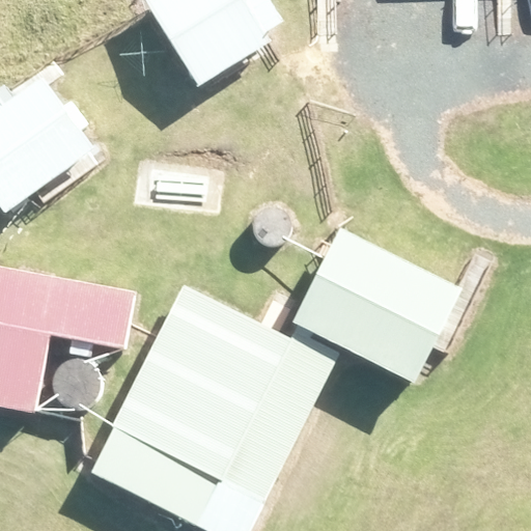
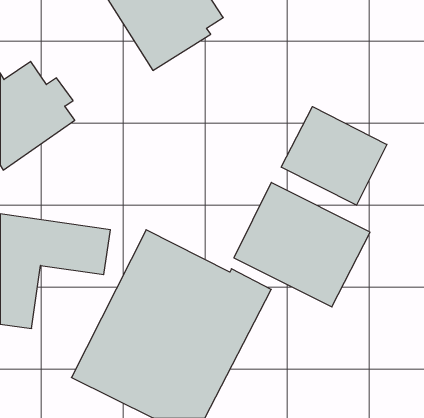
building: none -> [281,107,387,205]

